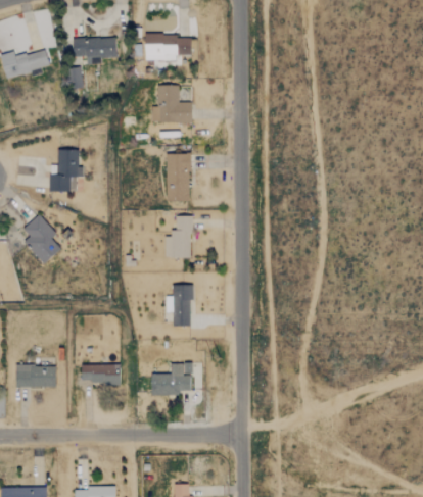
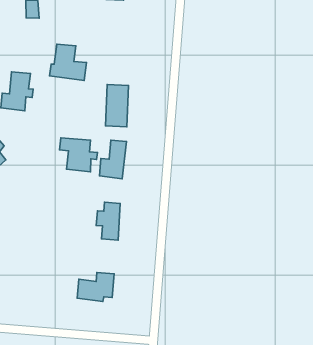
building: [152,85,192,122] -> [49,44,87,81]
building: none -> [59,138,97,172]
building: [81,364,120,383] -> none

